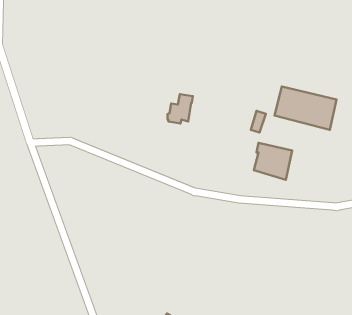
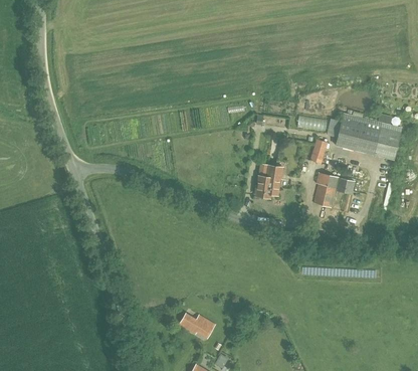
building: [167,94,193,123] -> [254,166,281,197]
building: none -> [178,314,212,338]

